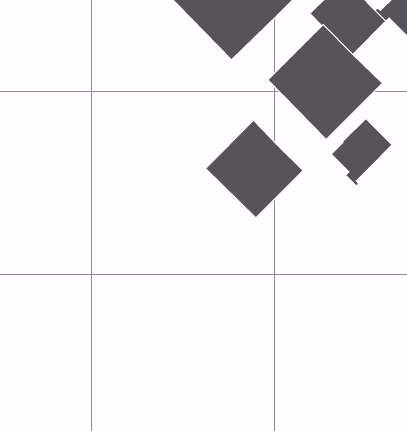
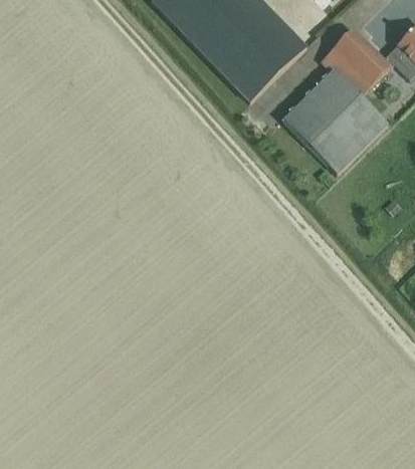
building: [331,119,392,186] -> none
building: [205,120,303,218] -> none

